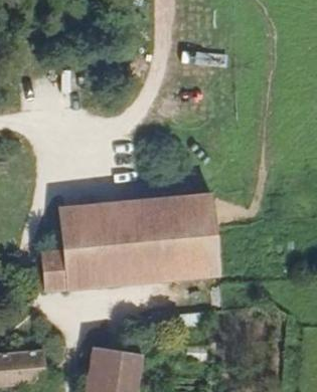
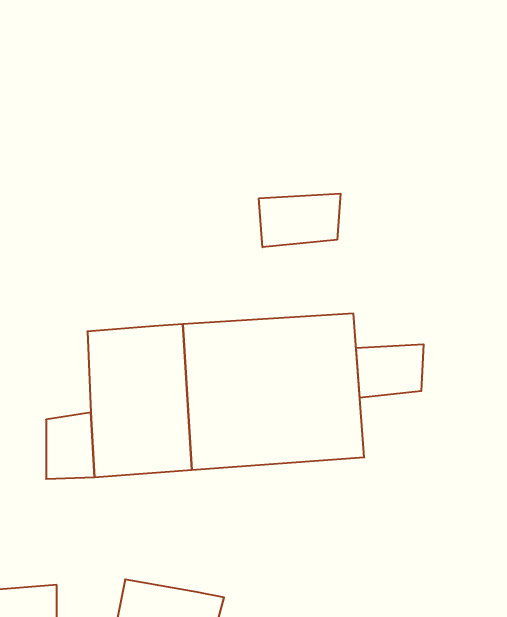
building: none -> [259,194,341,247]
building: none -> [356,344,424,398]

